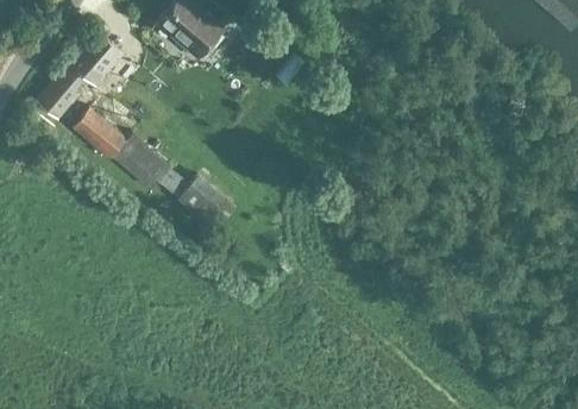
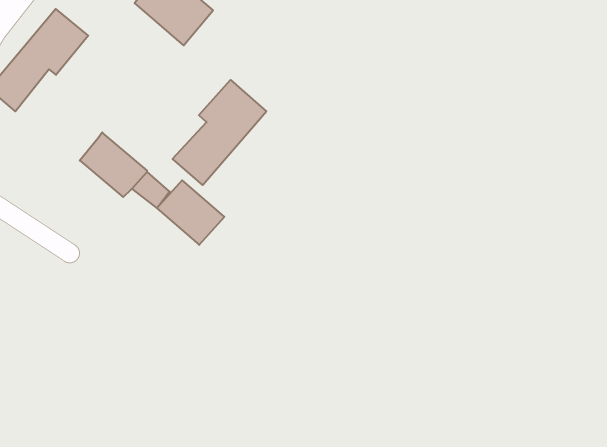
building: none -> [173,80,266,185]
building: [74,111,130,163] -> none

